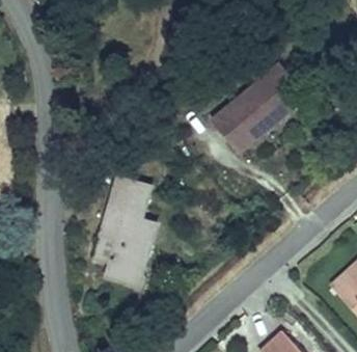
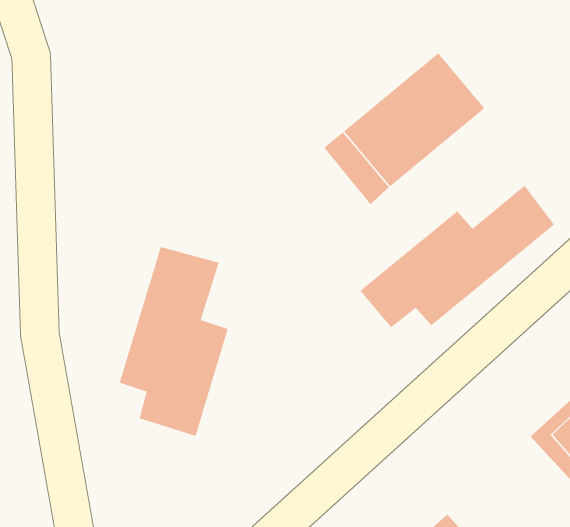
building: none -> [360,185,555,328]

